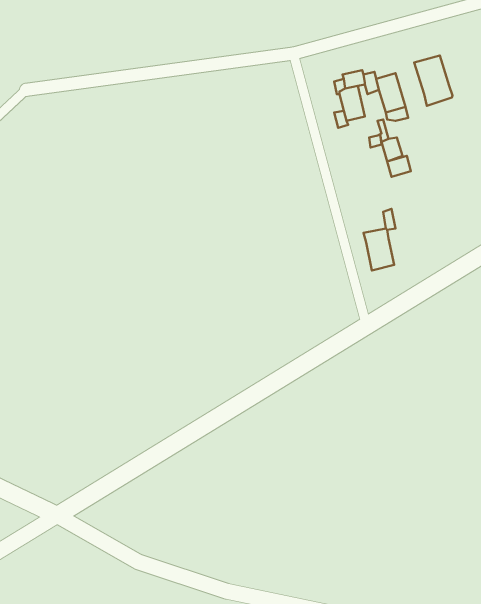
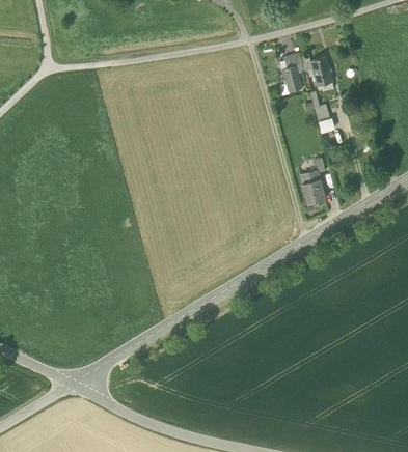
building: [414,56,452,106] -> none

